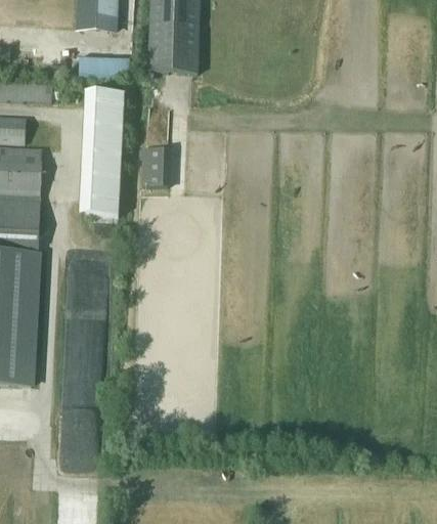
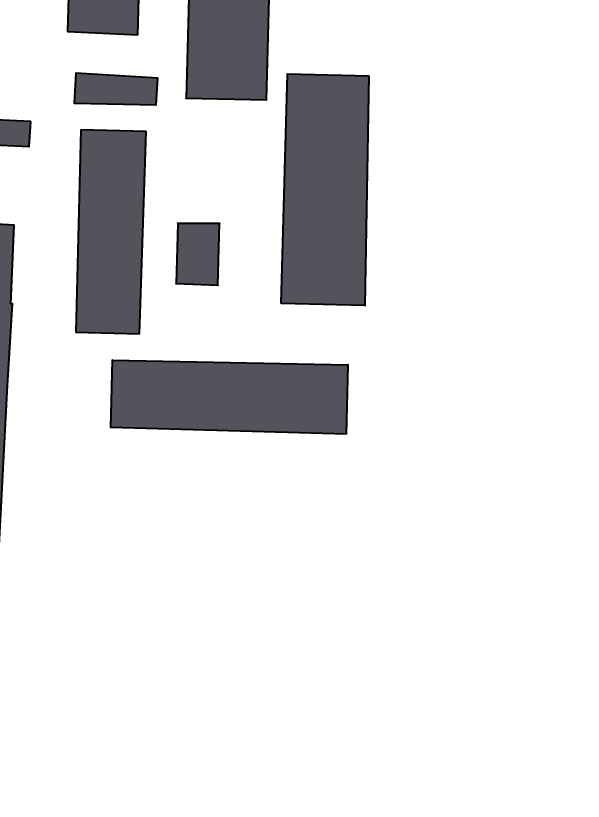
building: none -> [281,74,369,306]
building: none -> [111,360,348,434]

